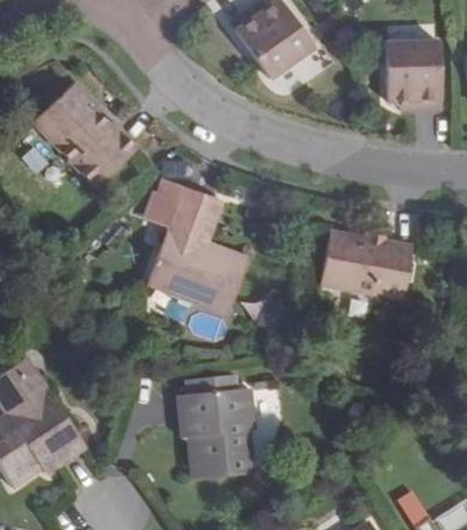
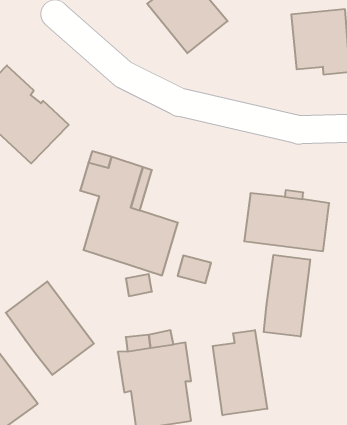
building: none -> [264,255,310,337]
building: none -> [6,281,94,375]
building: none -> [213,330,267,415]

